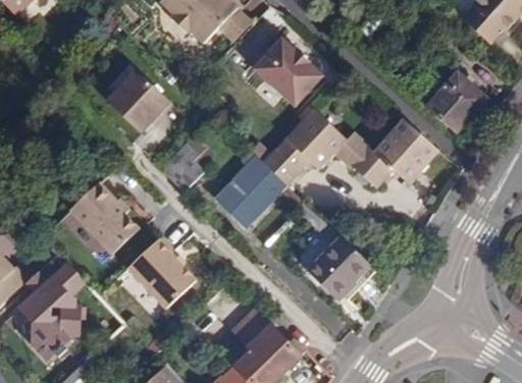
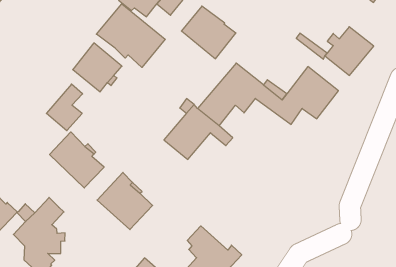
building: none -> [96,4,165,67]
building: [159,134,206,193] -> [46,84,83,131]
building: [305,237,370,300] -> none

